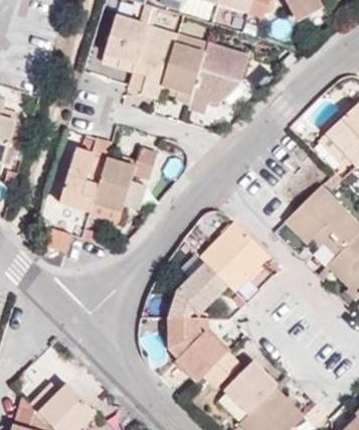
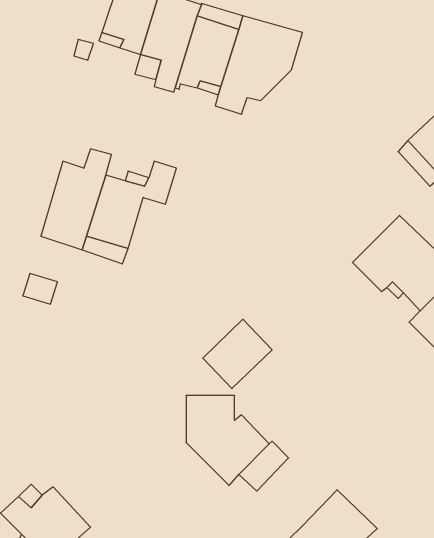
building: [200,220,270,289] -> none
building: [224,359,277,412] -> none

